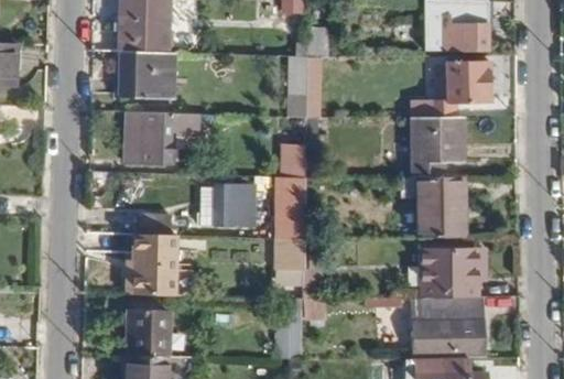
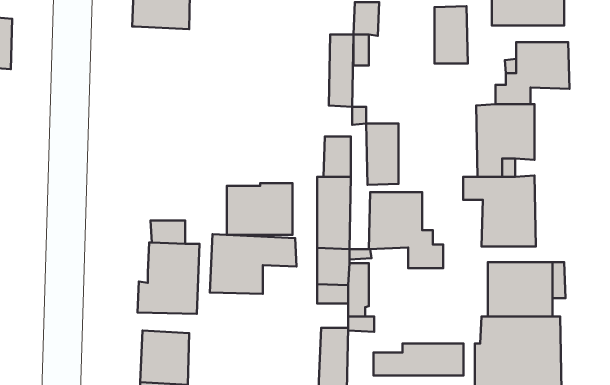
building: none -> [434,6,468,63]
building: [119,50,173,98] -> none
building: [126,111,199,162] -> [210,234,296,294]
building: none -> [366,124,399,185]
building: none -> [369,192,443,268]
building: none -> [374,344,463,376]

